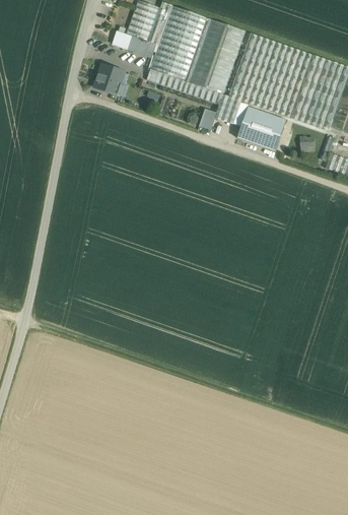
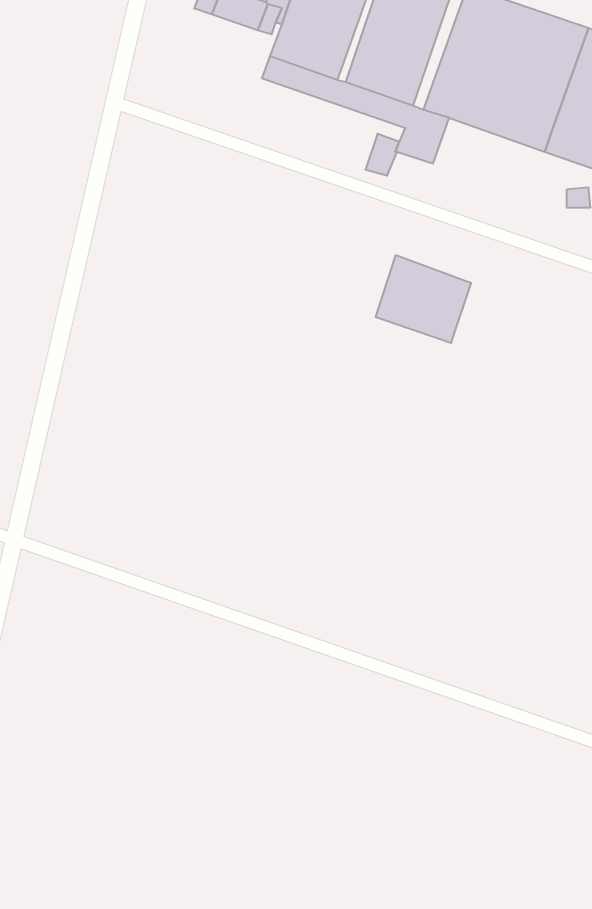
building: [94,65,125,93] -> none
building: [237,107,286,151] -> [376,255,471,343]

